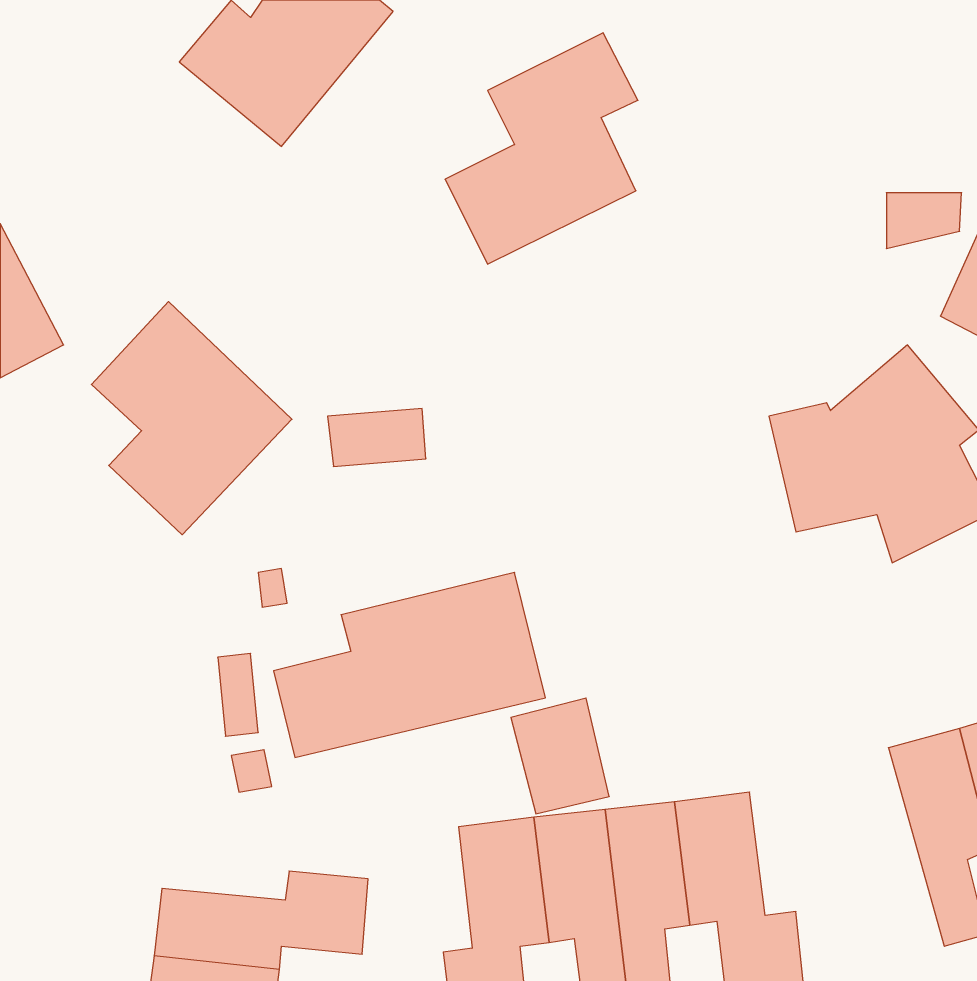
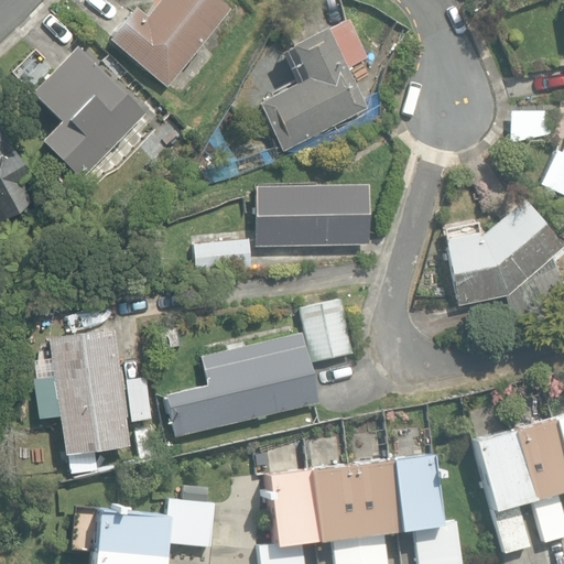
building: [91,302,292,535] -> [32,45,147,178]
building: none -> [249,182,369,245]
building: none -> [46,322,130,452]
building: [511,698,609,814] -> [297,299,354,365]
building: none -> [473,430,532,554]

